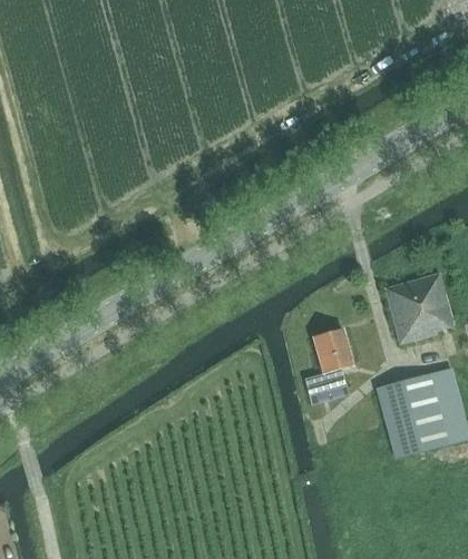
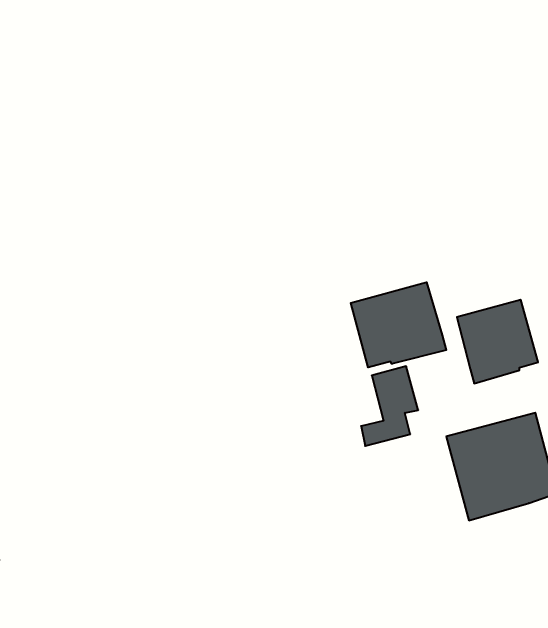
building: none -> [351,282,446,367]

